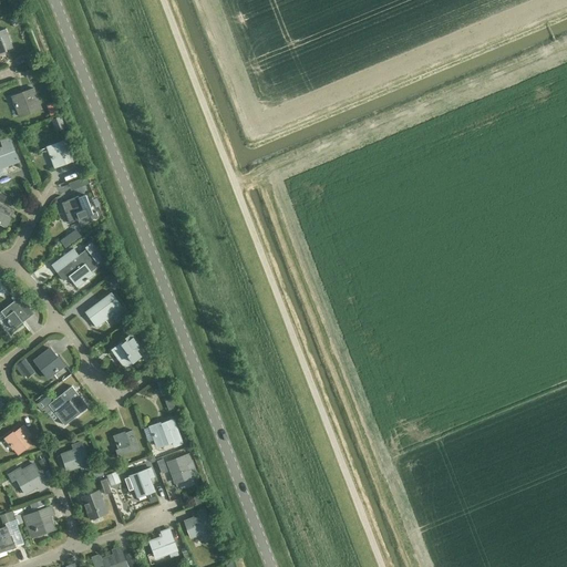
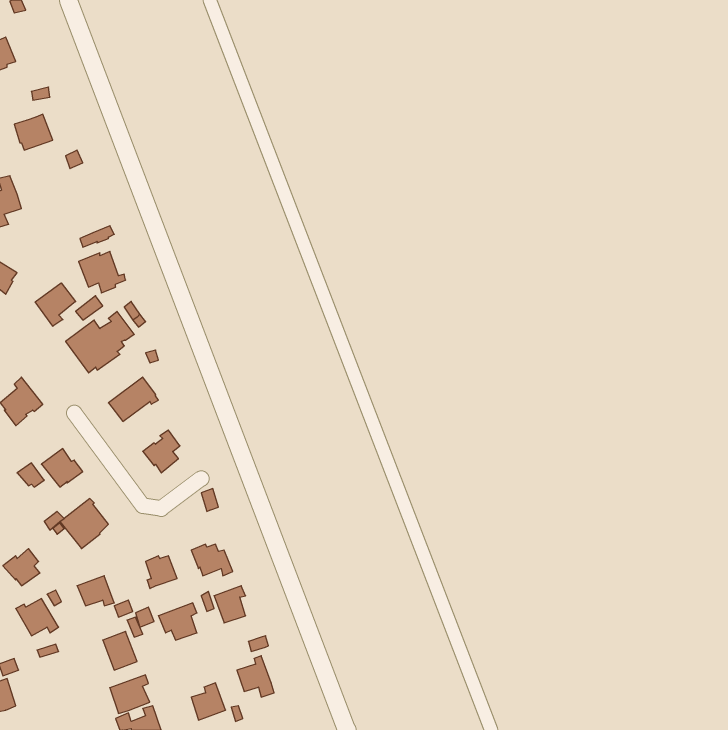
building: [48,141,74,169] -> none
building: none -> [35,283,76,326]
building: [22,507,53,537] -> [110,675,150,713]

